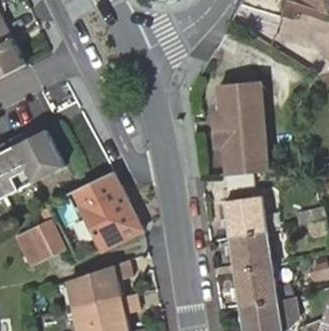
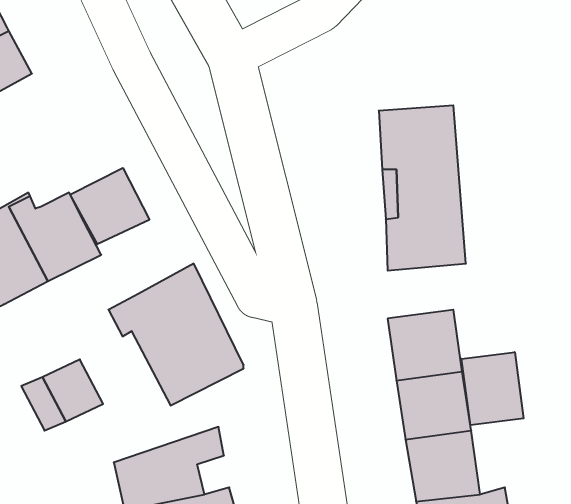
building: none -> [70,168,149,244]
building: none -> [461,352,524,425]

